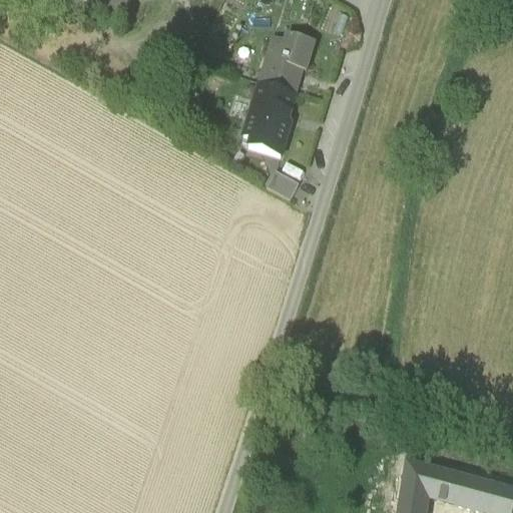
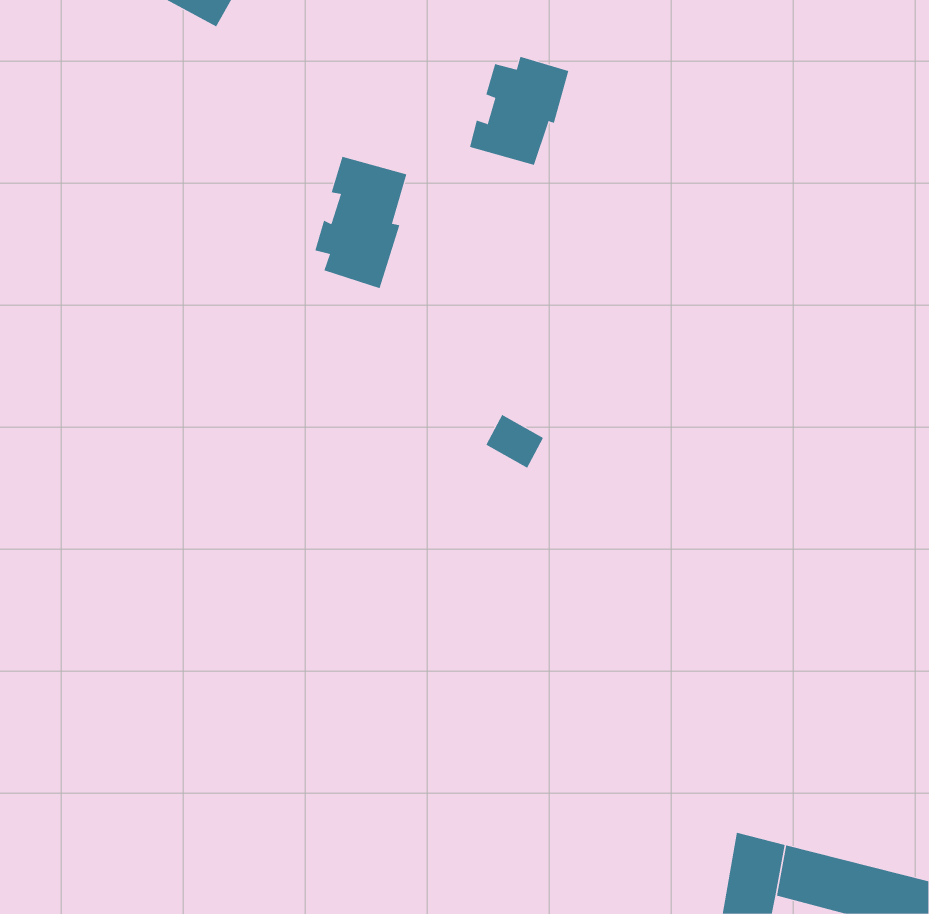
building: [243,81,295,154] -> [315,156,407,289]
building: [267,168,299,198] -> [486,414,544,469]

